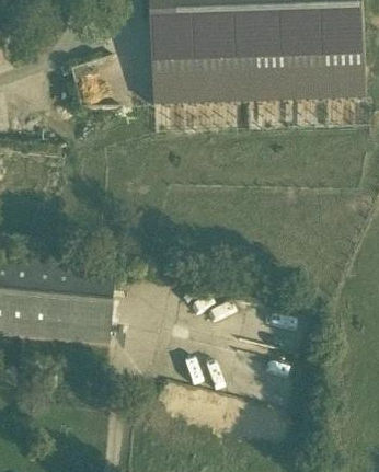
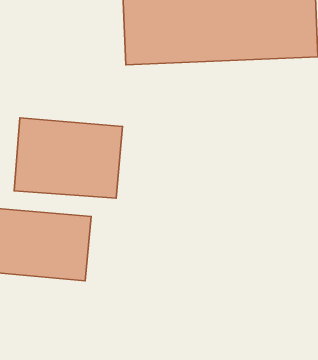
building: none -> [14,118,122,198]

